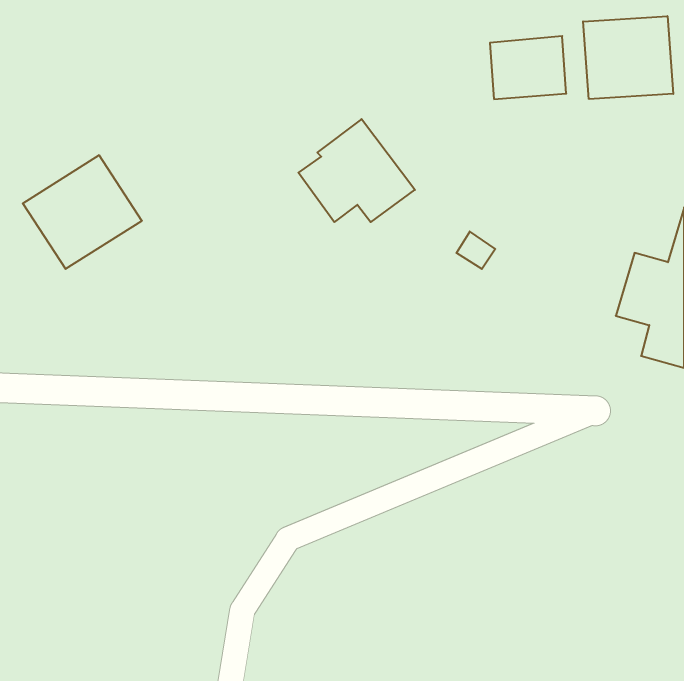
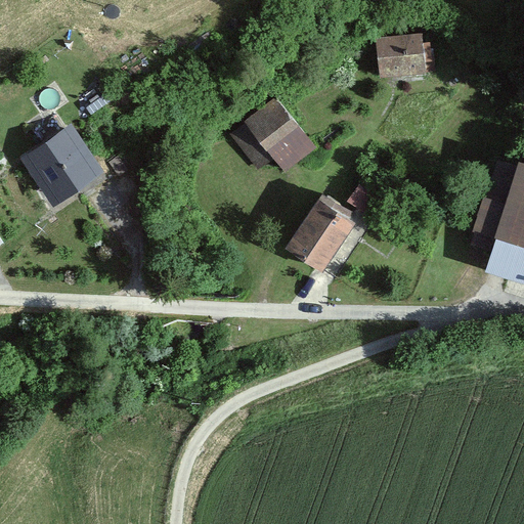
building: [583,16,673,99] -> none
building: none -> [287,195,358,271]

